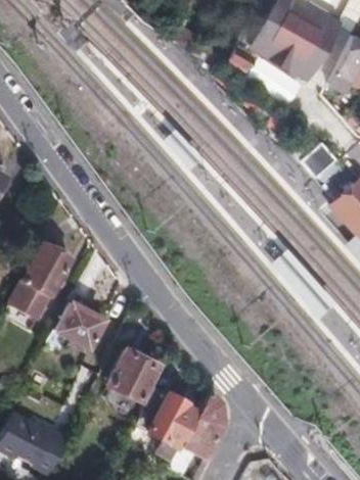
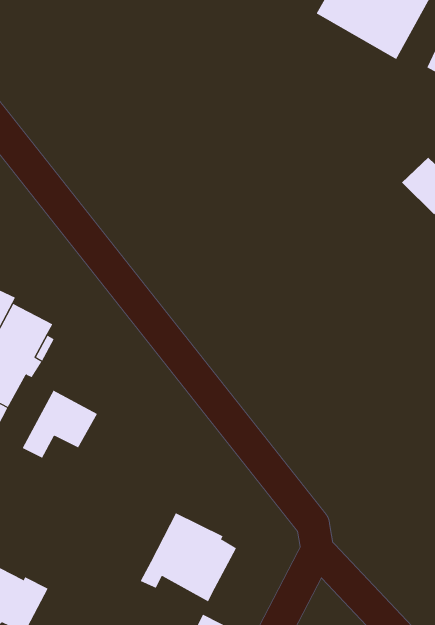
building: [107,350,166,422] -> none
building: [181,389,225,458] -> none

